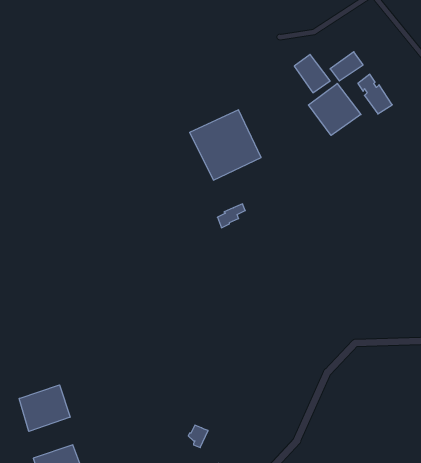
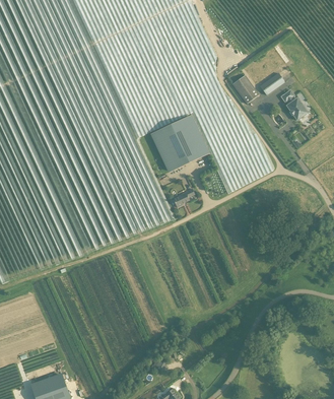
building: [308,83,361,135] -> none
building: [19,385,70,431] -> none

